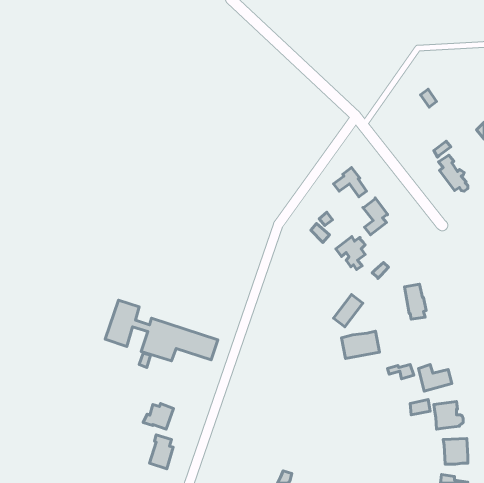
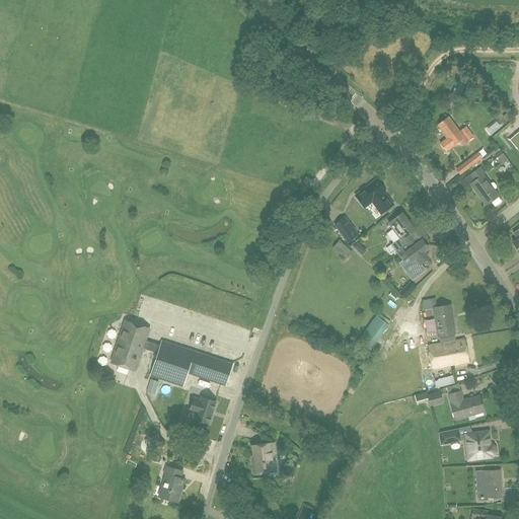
building: none -> [438,118,473,150]
building: [336,236,365,270] -> [396,238,428,274]
building: [342,331,379,359] -> [428,338,468,367]
building: [143,404,174,429] -> [183,396,216,424]
building: none -> [252,442,275,472]

